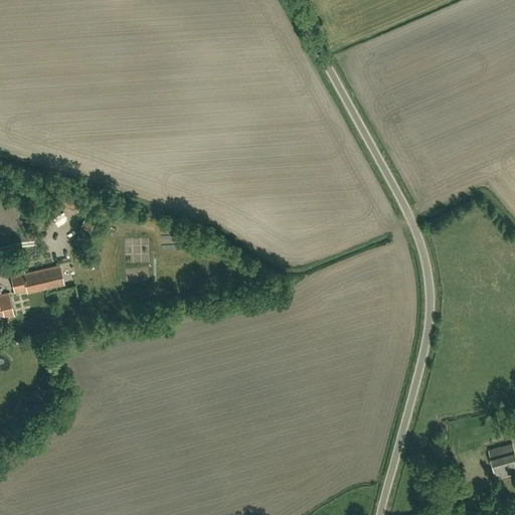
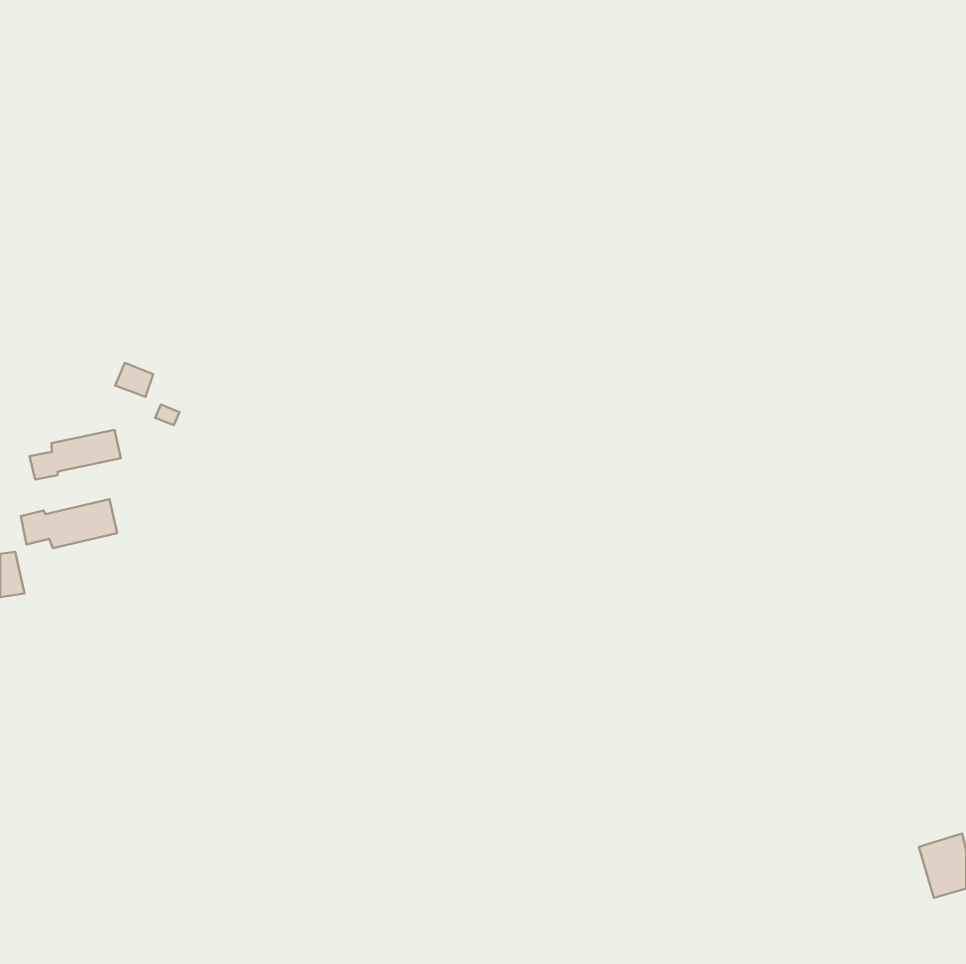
building: none -> [29,430,121,480]

